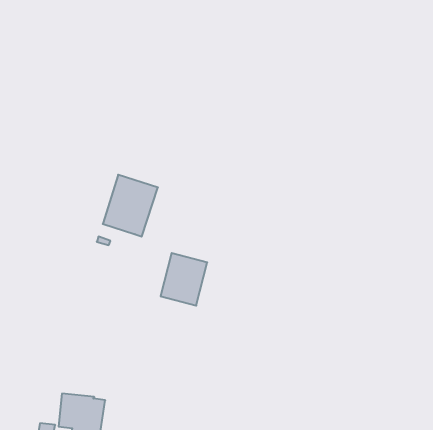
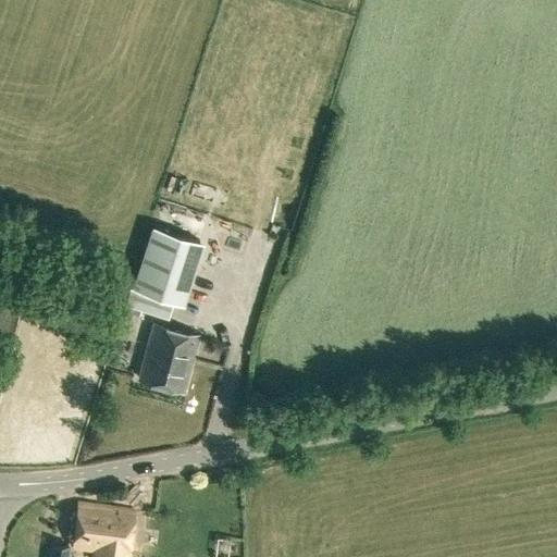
building: [161,253,207,306] -> [139,326,199,394]

